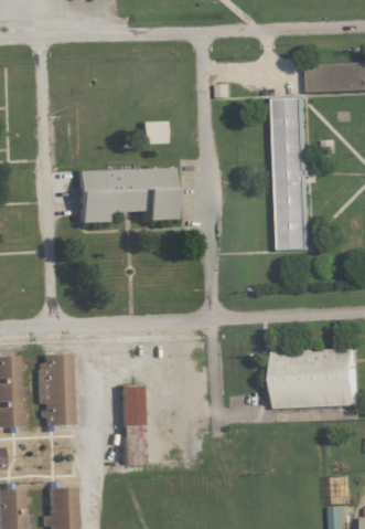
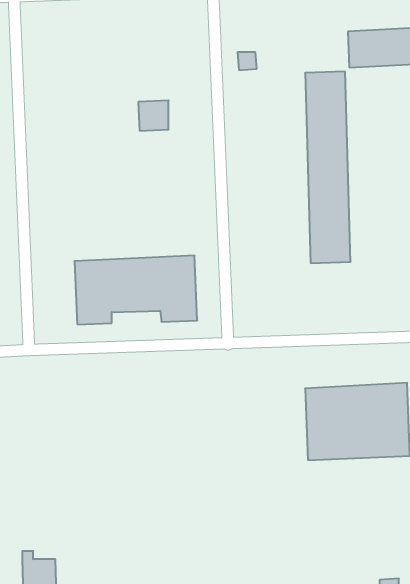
building: [78,168,176,223] -> [74,256,197,324]
building: [44,353,74,425] -> none
building: [126,384,147,451] -> none

